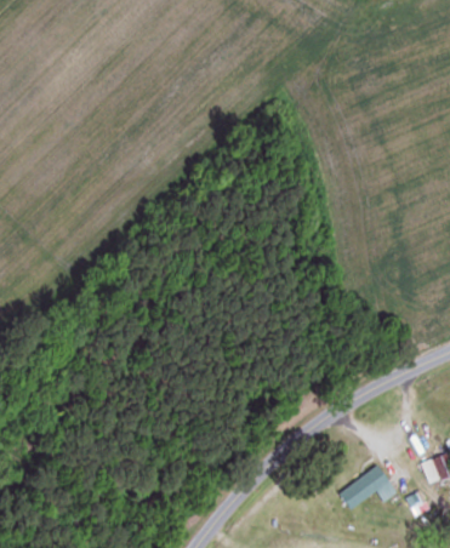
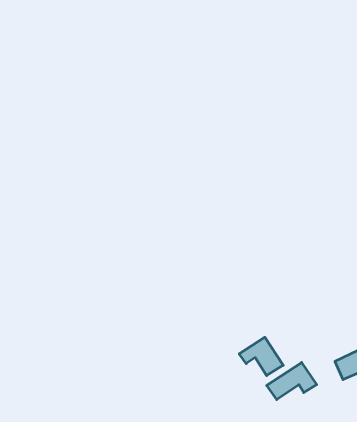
building: none -> [239,337,283,376]

